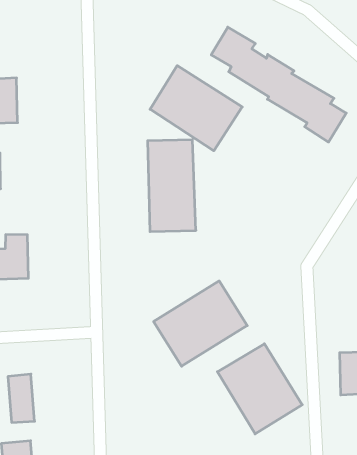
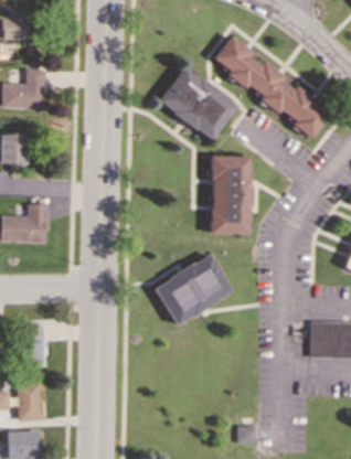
building: [148,140,196,232] -> [210,156,251,235]
building: [217,344,302,434] -> none

